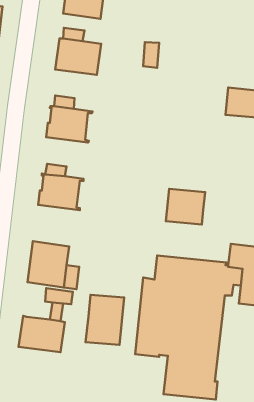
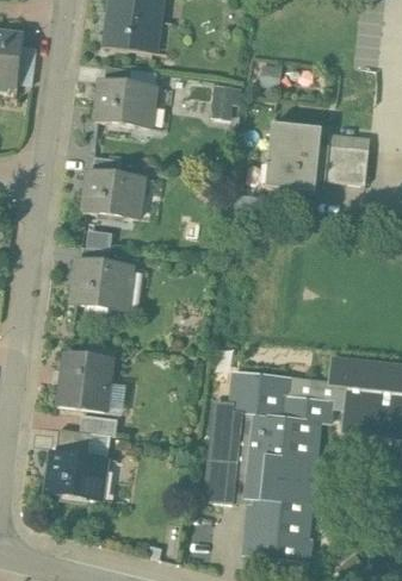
building: none -> [265,123,322,192]
building: [166,189,205,225] -> none
building: [86,295,124,345] -> none
building: none -> [56,427,91,455]

